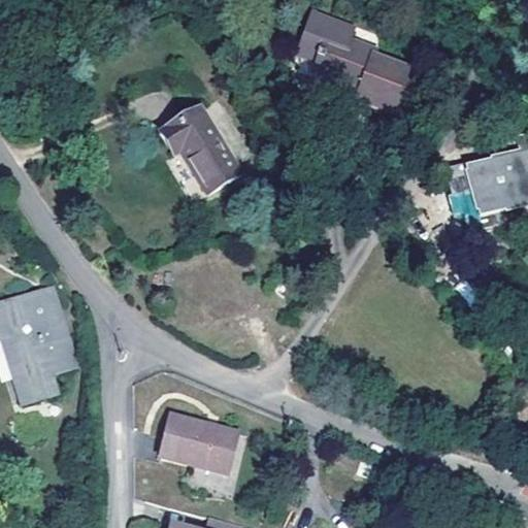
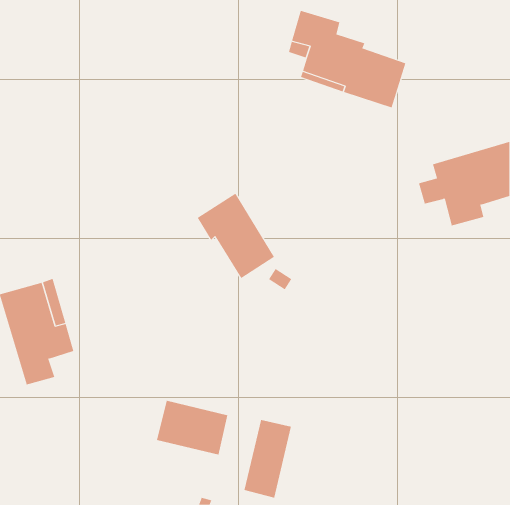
building: [160,103,240,192] -> [197,193,275,279]
building: none -> [244,419,292,498]

